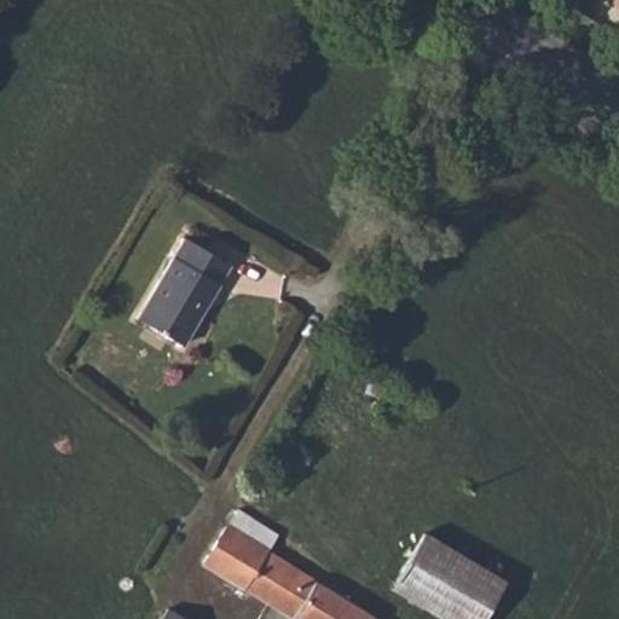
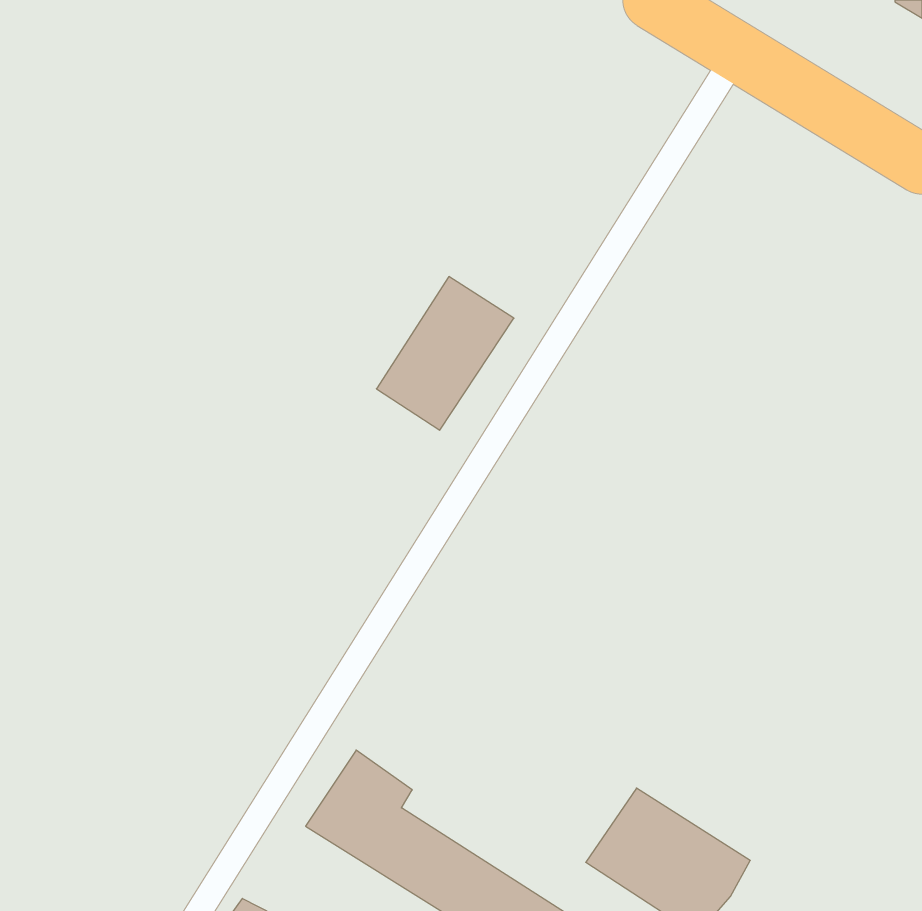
building: [143,243,235,346] -> [376,277,514,430]

